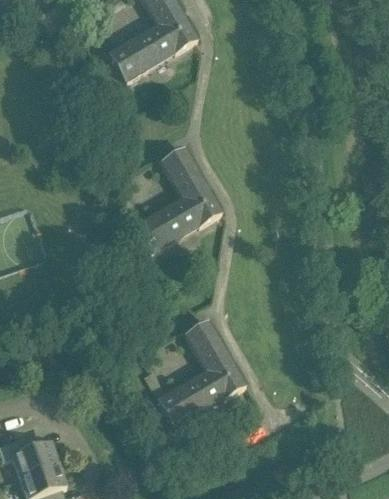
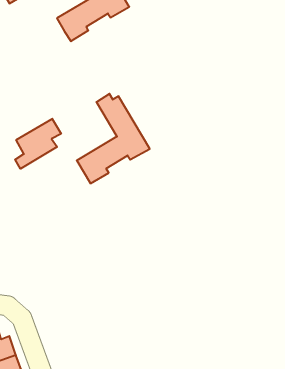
building: none -> [15,119,61,169]
building: [157,318,246,427] -> none

